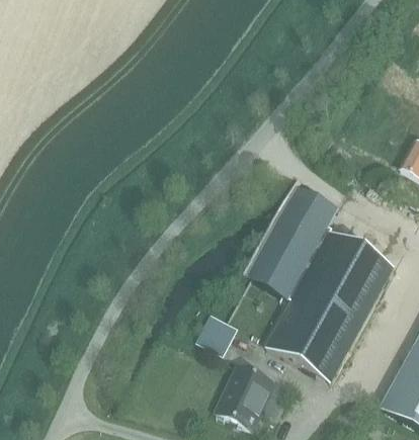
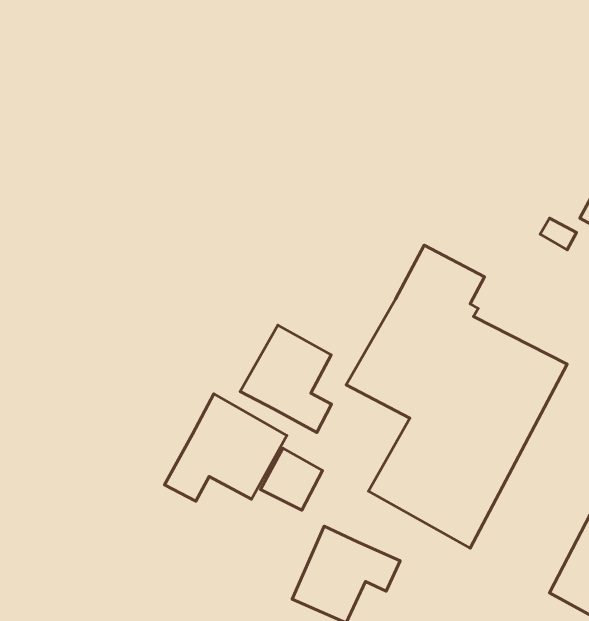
building: none -> [240,325,331,433]
building: none -> [165,394,287,501]

